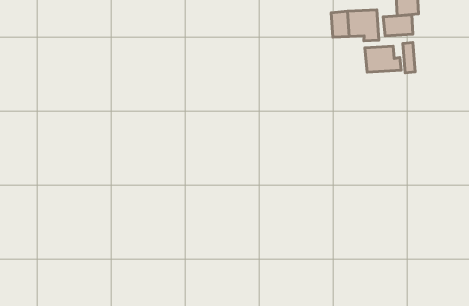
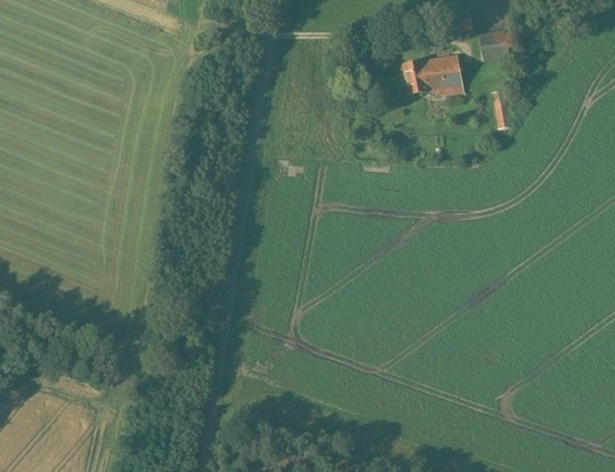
building: [383,15,413,36] -> none
building: [365,46,401,72] -> none

